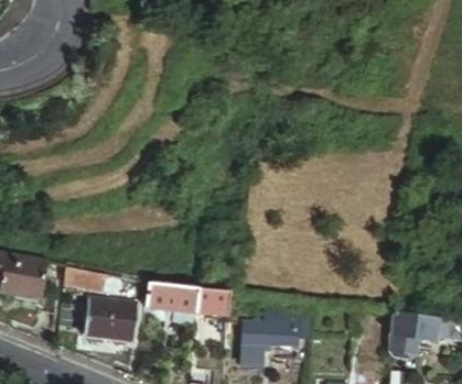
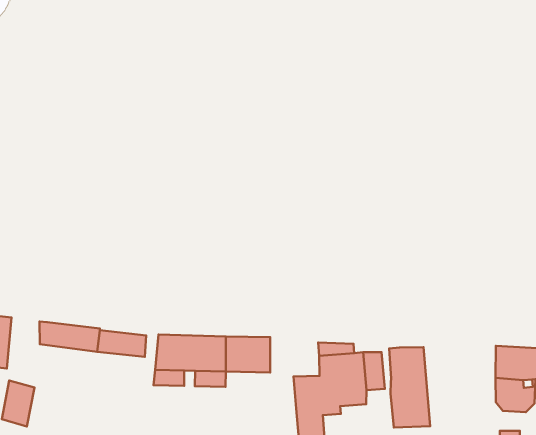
building: [85,297,139,341] -> none
building: none -> [389,347,430,427]

